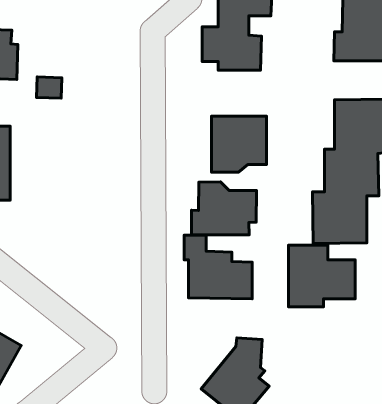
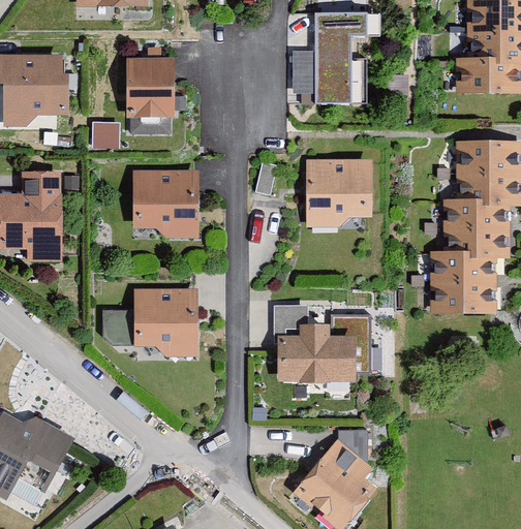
building: none -> [126,57,175,118]
building: none -> [133,169,198,236]
building: [191,182,256,235] -> none
building: none -> [103,288,196,352]
building: [289,245,355,307] -> none

